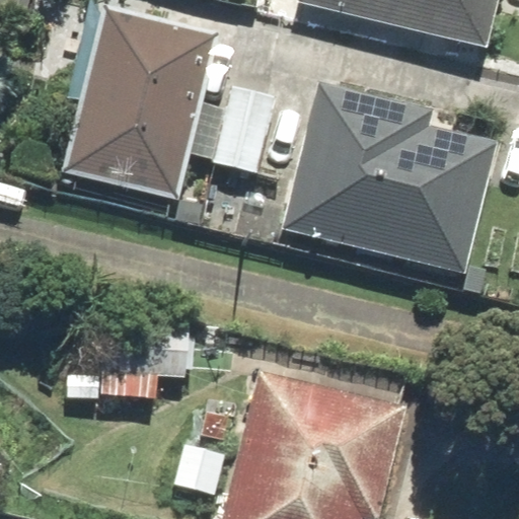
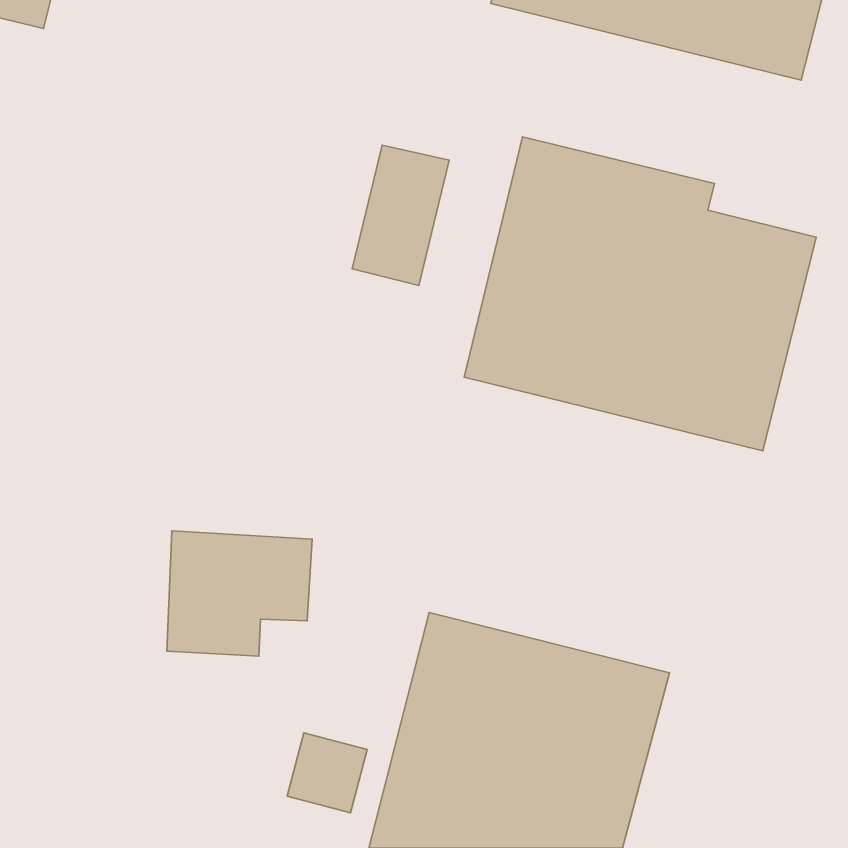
building: [64,7,218,199] -> none

